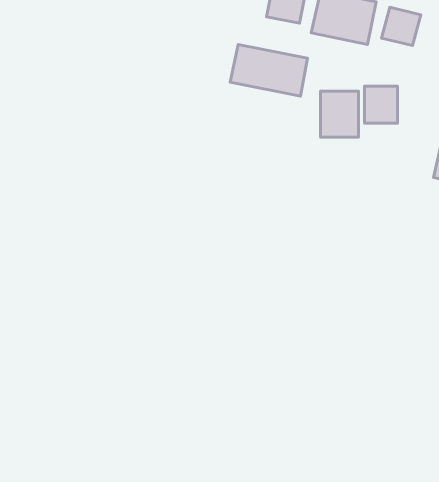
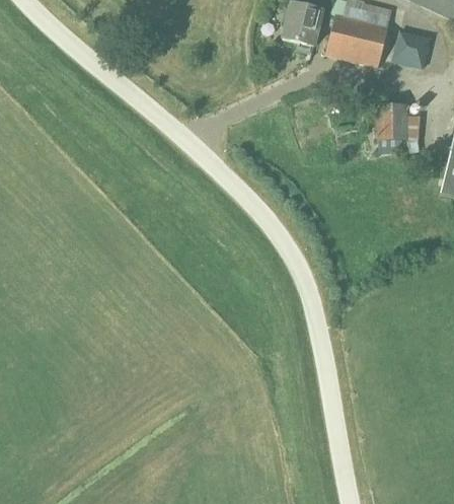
building: [230,44,307,96] -> none
building: [321,91,358,137] -> none

